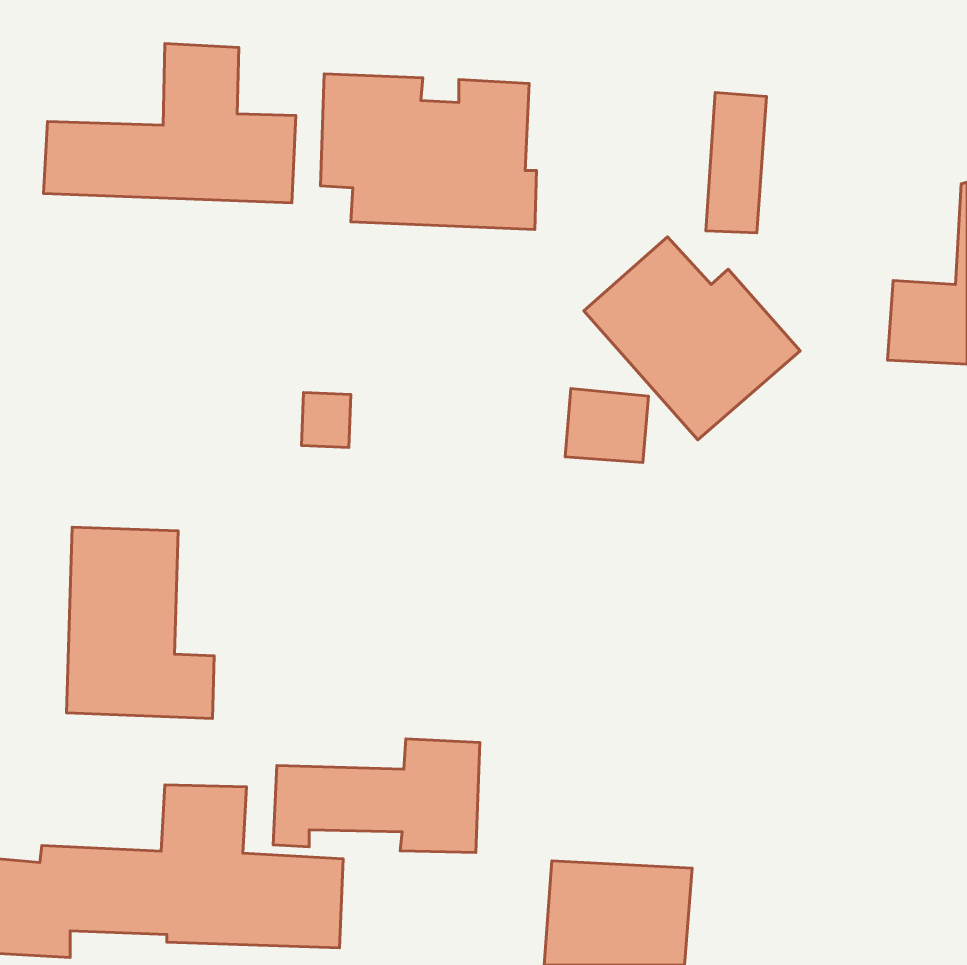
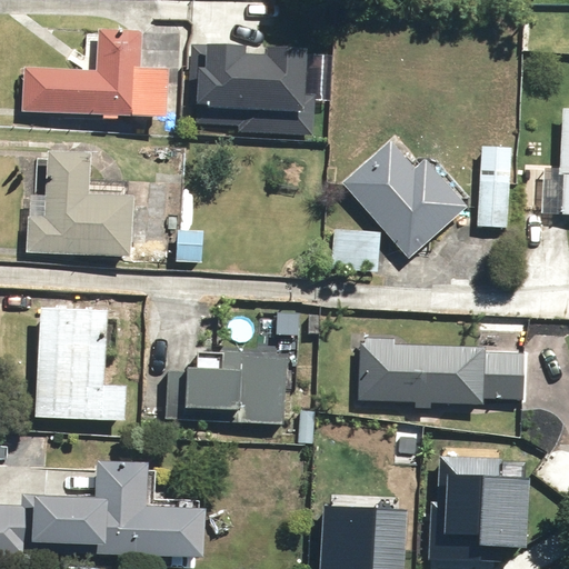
building: [706,93,766,233] -> [477,144,512,227]
building: none -> [26,152,136,253]
building: none -> [359,338,529,409]
building: [273,739,480,853] -> [166,355,287,421]
building: none -> [427,456,528,559]

